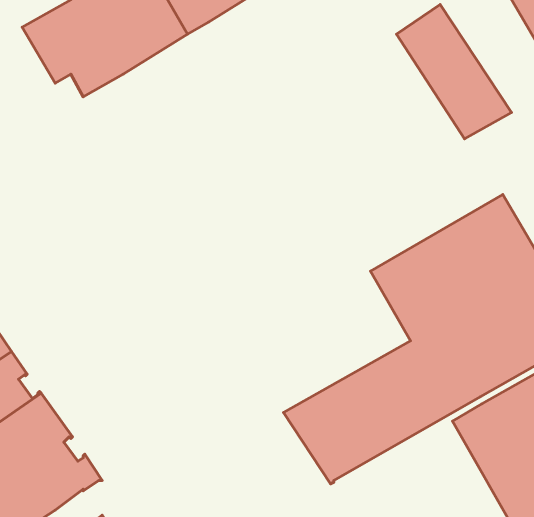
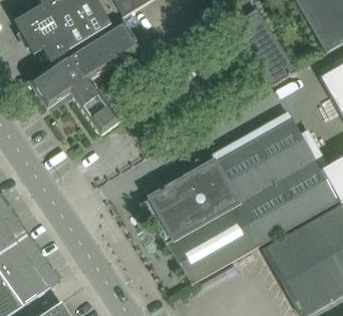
building: none -> [26,18,139,134]
building: none -> [138,157,238,243]

